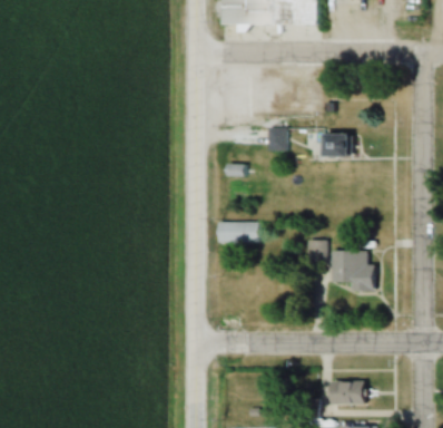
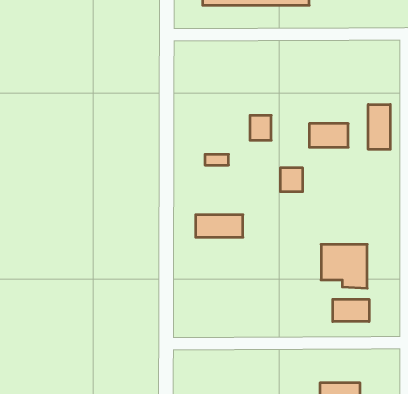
building: none -> [368,104,390,149]
building: [304,240,325,262] -> [280,168,303,192]
building: none -> [333,299,369,322]

